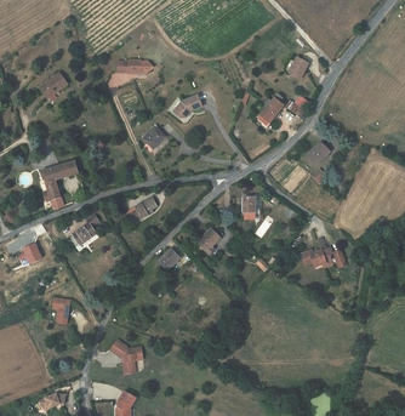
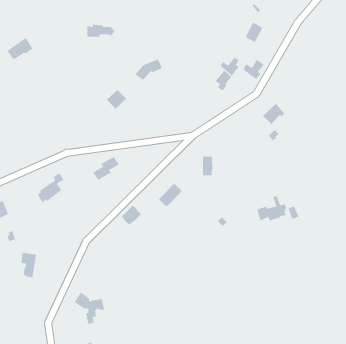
building: [42,161,78,210] -> none

